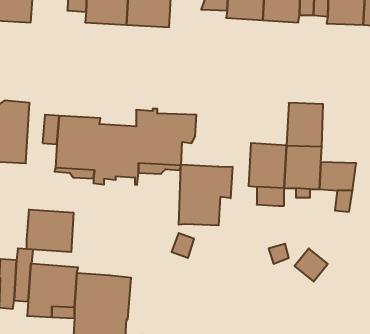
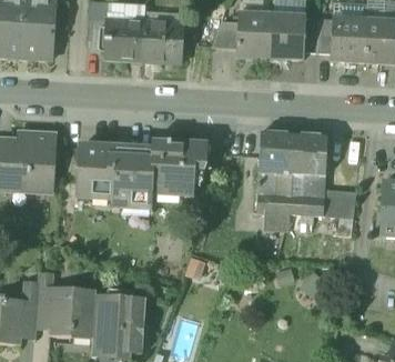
building: none -> [259,132,294,174]
building: [179,165,232,225] -> none
building: [27,209,73,252] -> none

